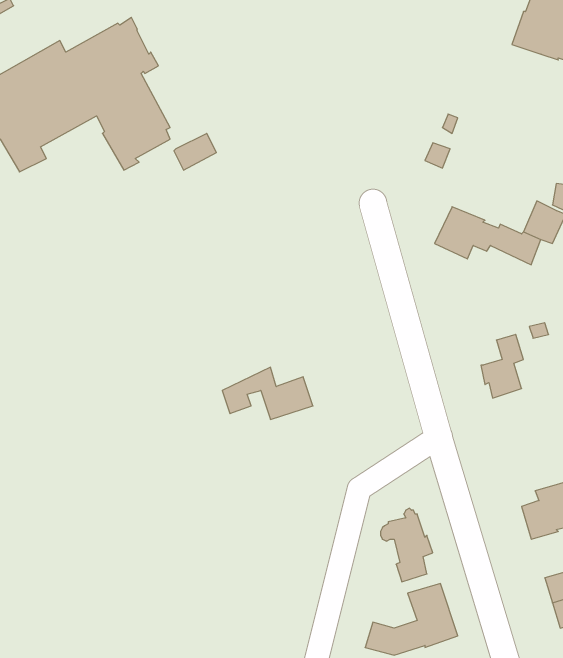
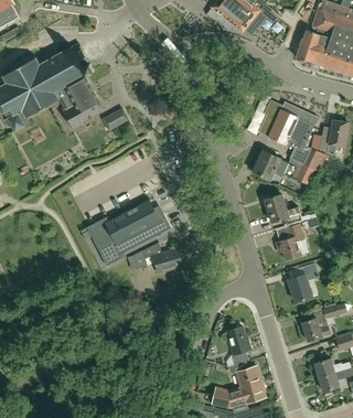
building: none -> [268,110,314,153]
building: none -> [265,194,301,225]
building: none -> [86,201,171,266]
building: none -> [289,264,319,302]

